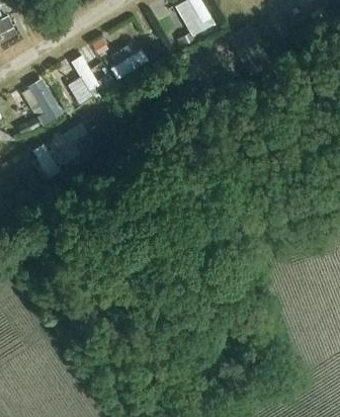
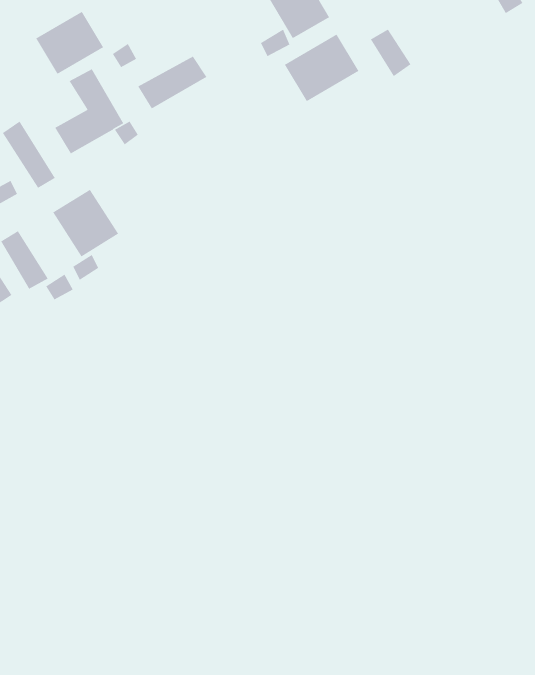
building: none -> [35,11,104,75]
building: none -> [284,34,359,102]

